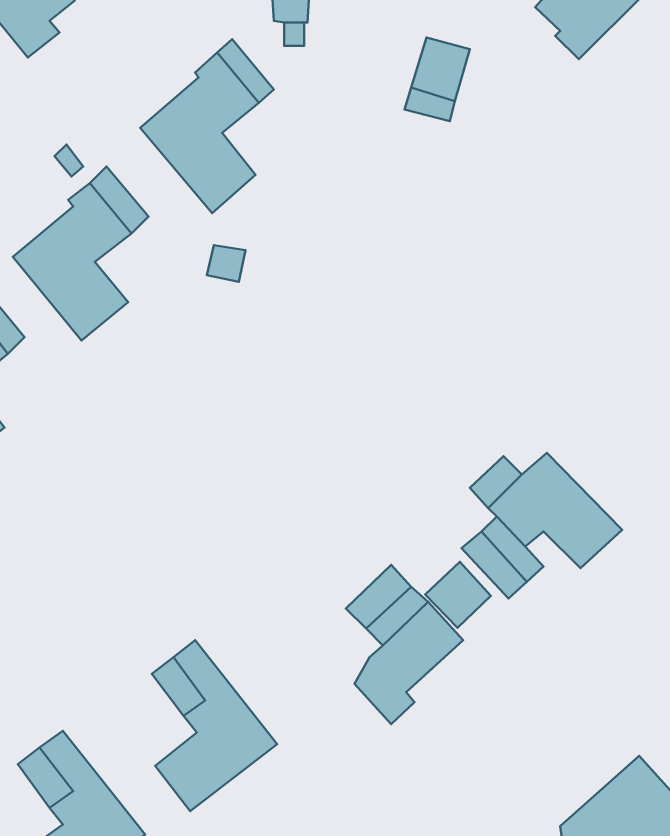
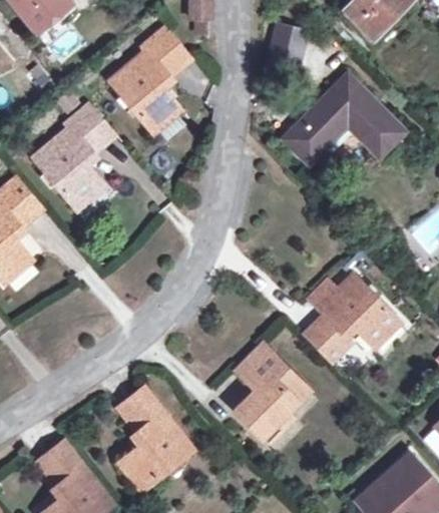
building: none -> [283,74,405,162]
building: [425,562,491,628] -> none

